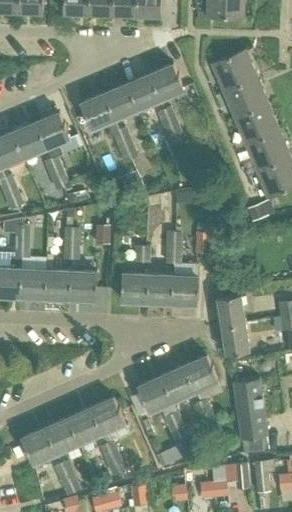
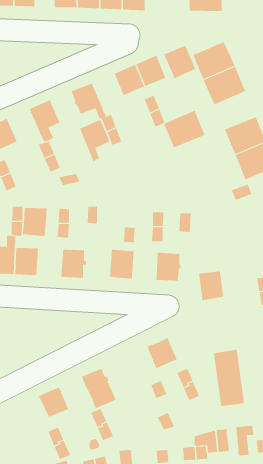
building: none -> [164,45,196,79]
building: [103,84,136,130] -> [79,119,110,162]
building: [233,103,278,144] -> [163,110,205,148]
building: [12,122,46,157] -> none
building: [44,271,71,302] -> [22,207,48,236]
building: [146,274,172,305] -> none
building: [220,323,248,355] -> none
building: [184,356,217,390] -> none
building: [138,376,171,410] -> none
building: [68,408,102,443] -> none
building: [22,429,56,462] -> none

